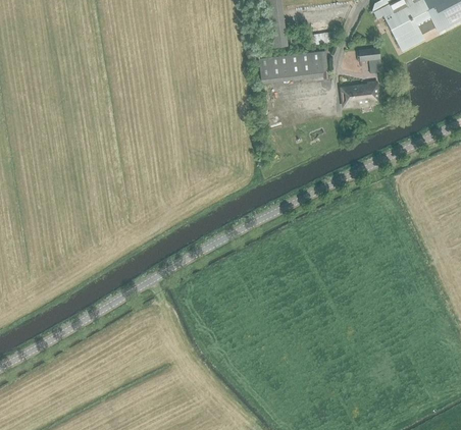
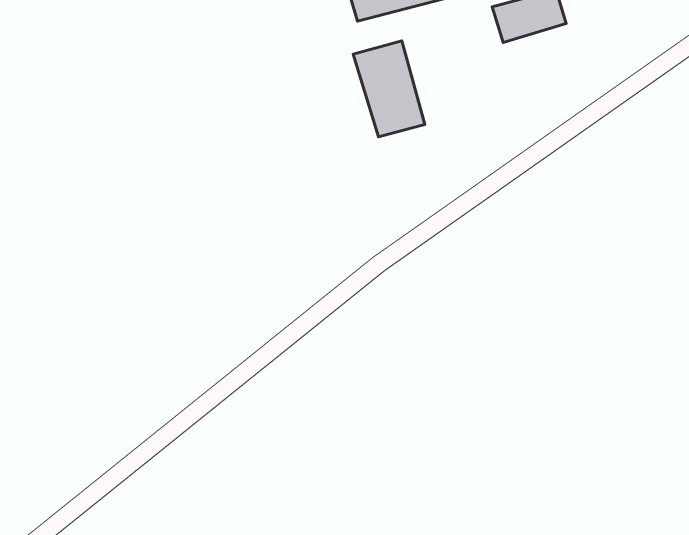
building: none -> [353,41,425,137]

